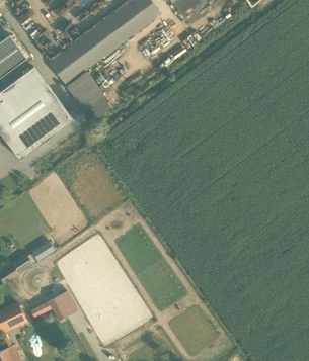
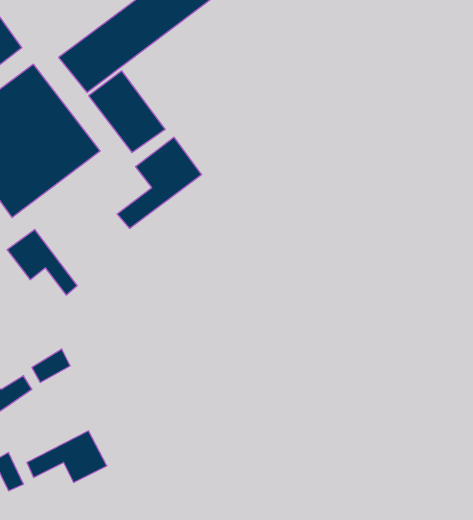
building: none -> [117,137,202,228]
building: none -> [7,229,77,295]

